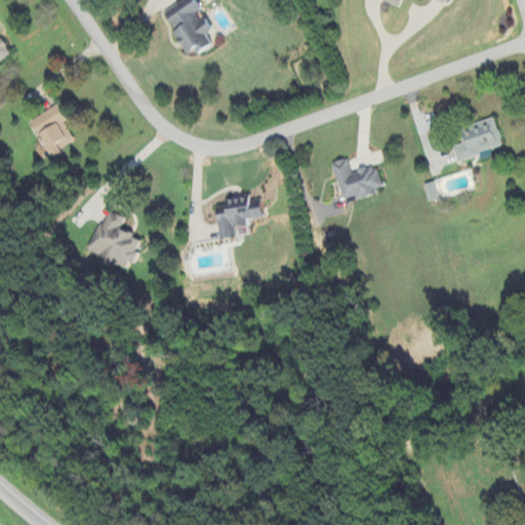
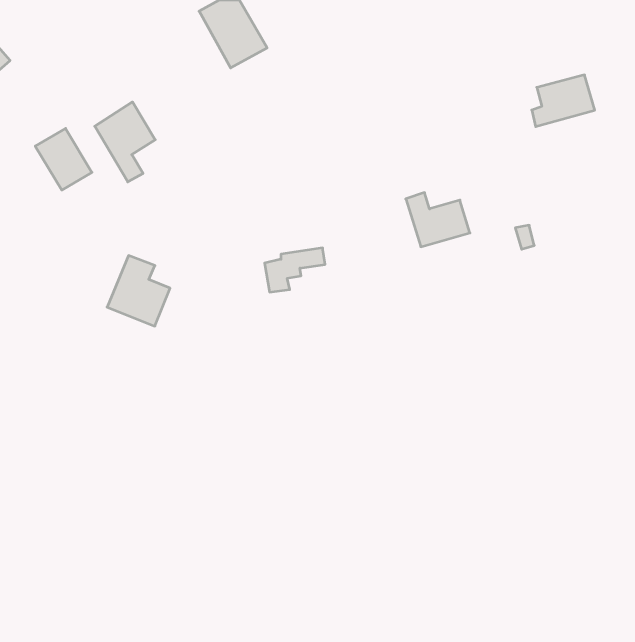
building: none -> [95,102,155,182]
building: [451,118,502,160] -> [532,75,595,127]

